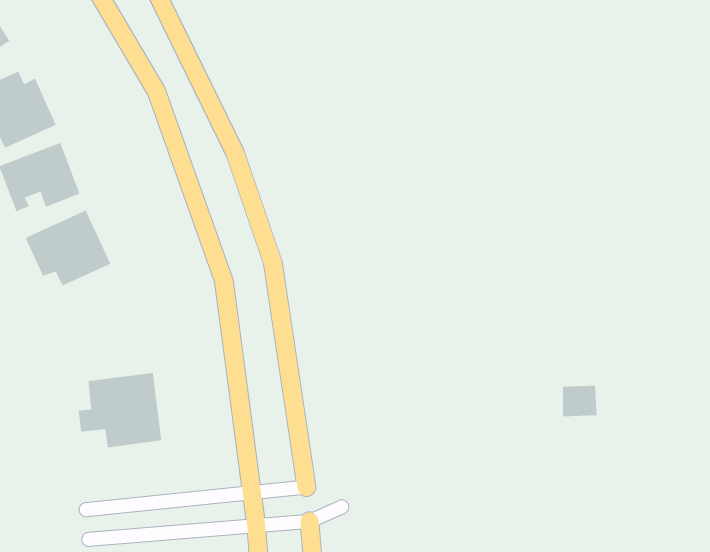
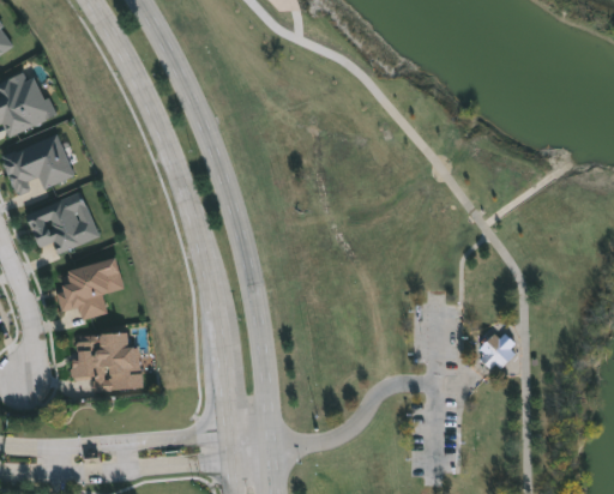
building: none -> [58,257,124,320]

